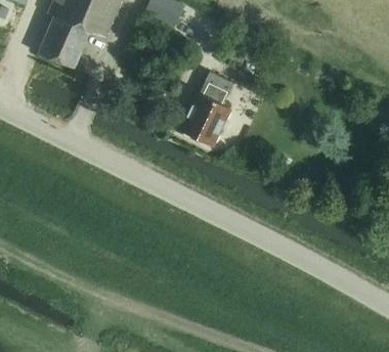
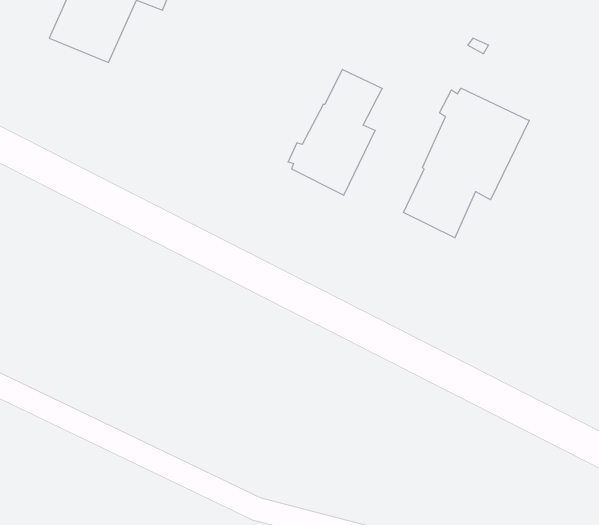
building: none -> [404,88,529,238]

